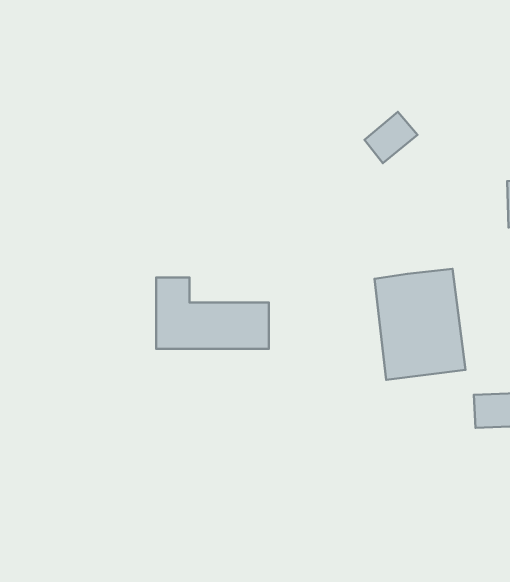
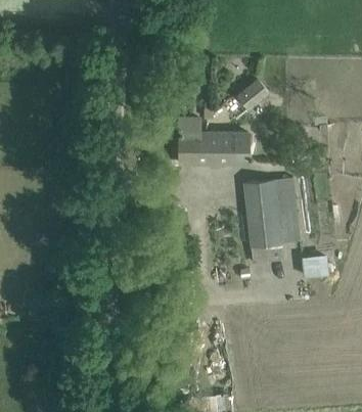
building: [156,278,269,349] -> [179,120,248,164]

